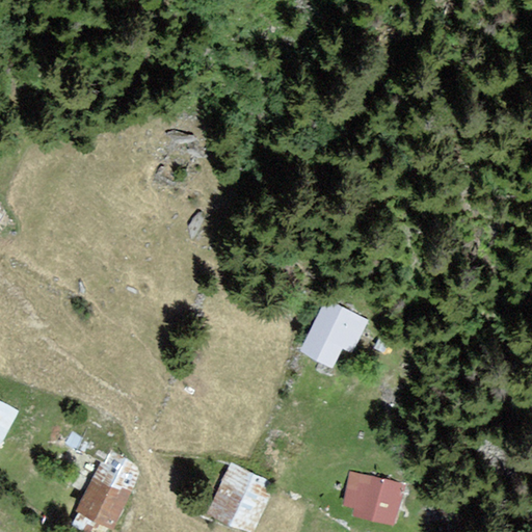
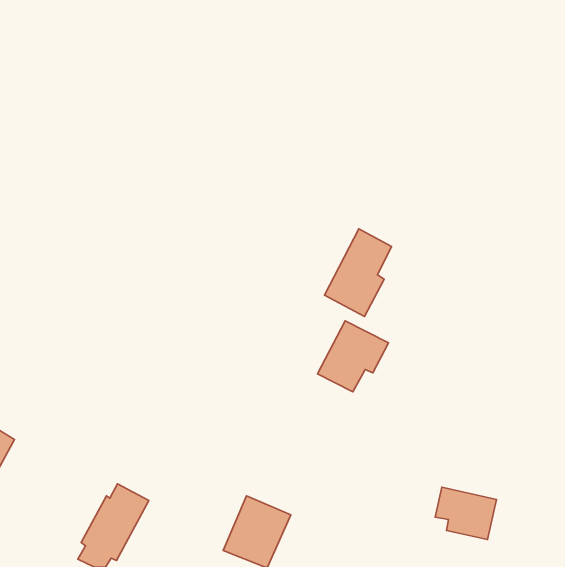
building: none -> [324,229,391,316]
building: [344,475,401,524] -> [435,487,496,539]

